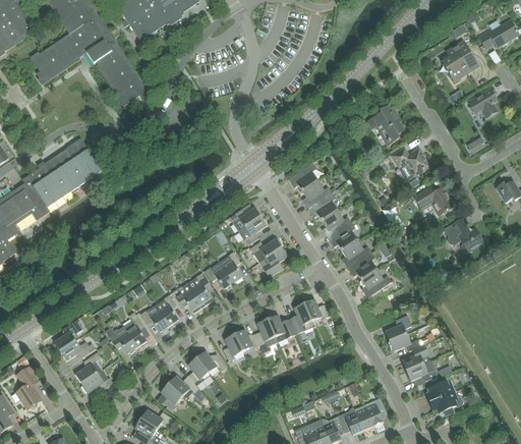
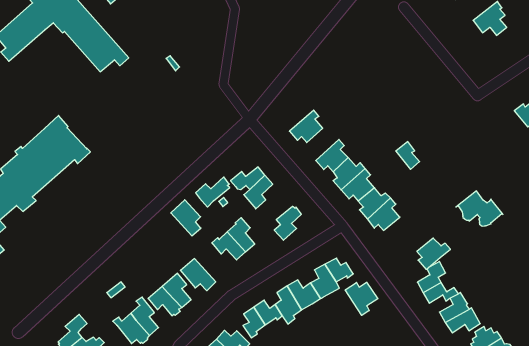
building: [364,104,402,146] -> none
building: [390,148,427,175] -> none
building: [301,180,331,209] -> none
building: [412,185,453,215] -> none
building: [442,219,483,252] -> [456,191,503,226]
building: [249,237,281,263] -> [196,177,230,207]
building: [360,270,391,297] -> [417,238,450,269]
building: [186,273,213,307] -> [171,200,201,236]
building: none -> [345,282,378,315]

